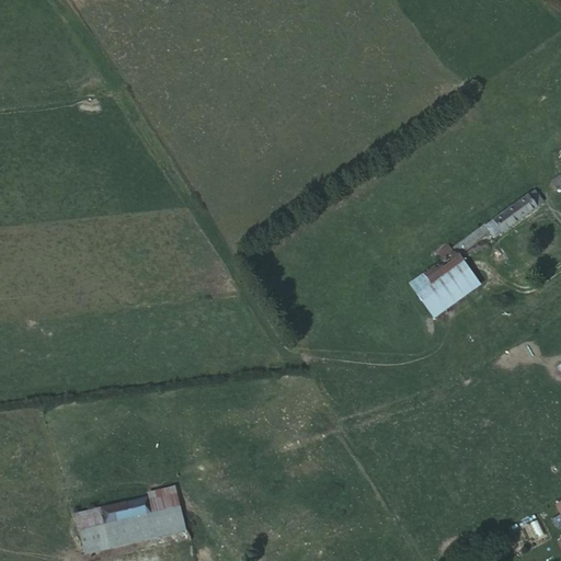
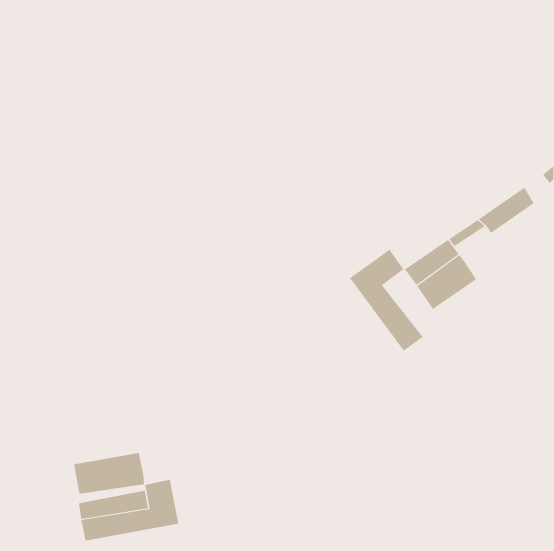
building: none -> [349,249,424,351]
building: none -> [74,452,144,495]

